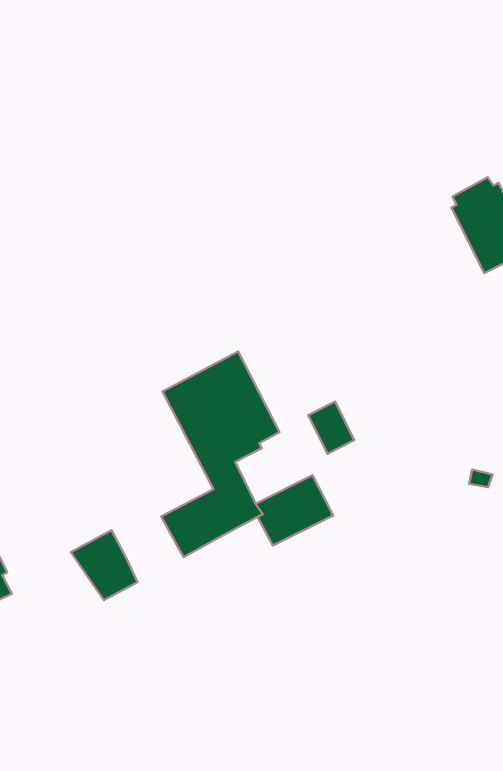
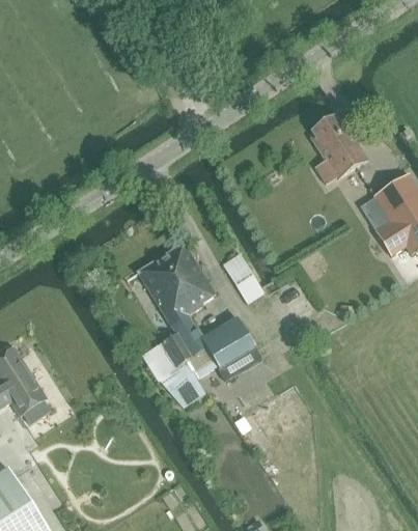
building: none -> [216,342,261,380]
building: [71,530,137,600] -> [159,361,203,407]

